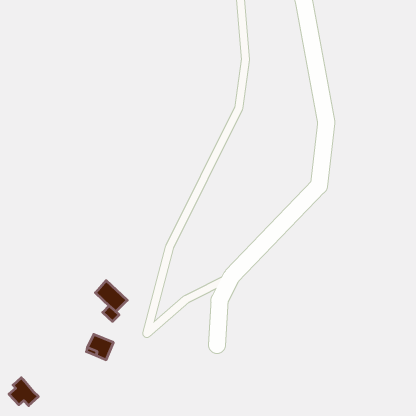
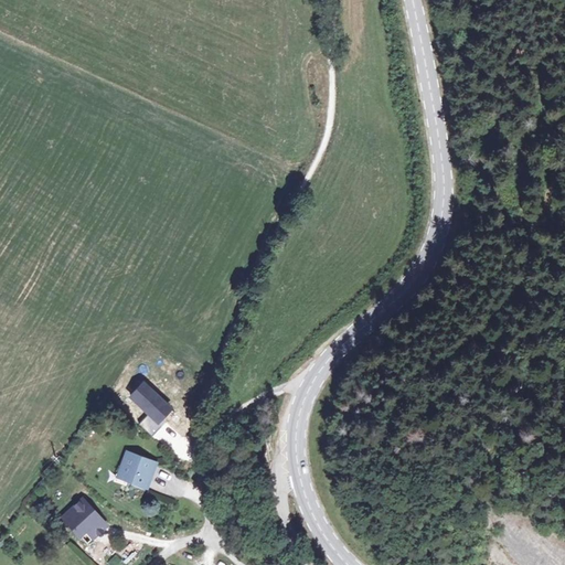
building: [9,378,38,406] -> [66,502,106,540]

